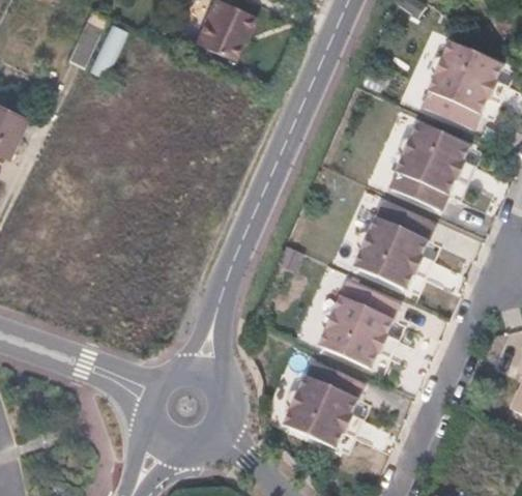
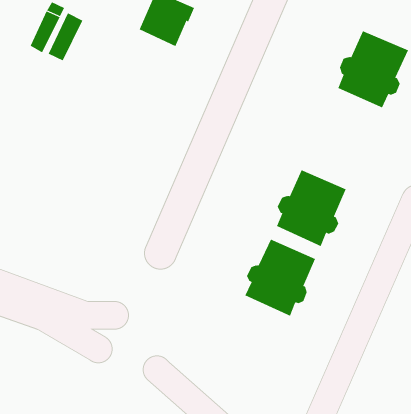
building: [387,121,468,210] -> none
building: [281,360,363,449] -> none

